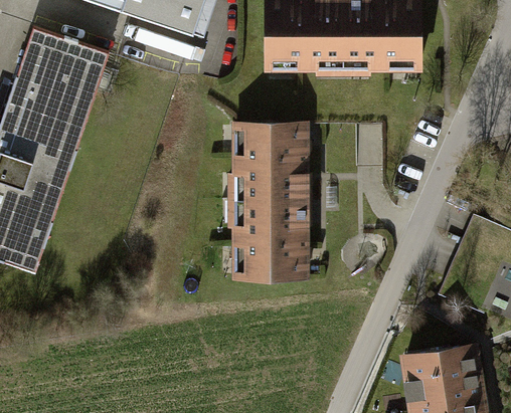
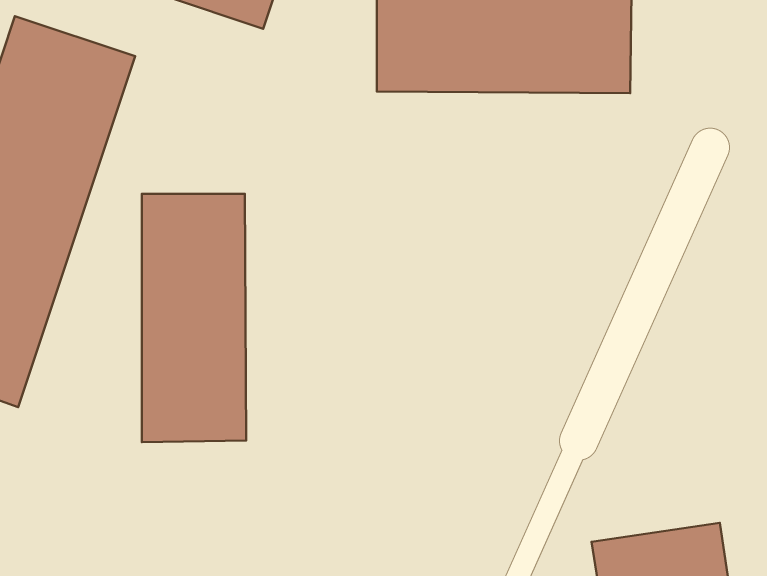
building: [230,122,308,281] -> none
building: none -> [142,194,246,442]

